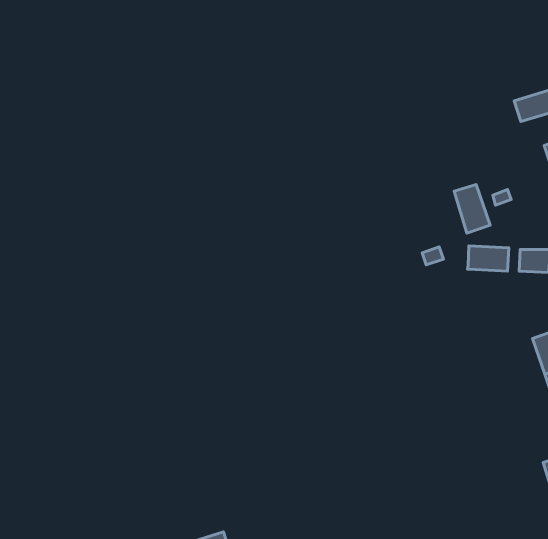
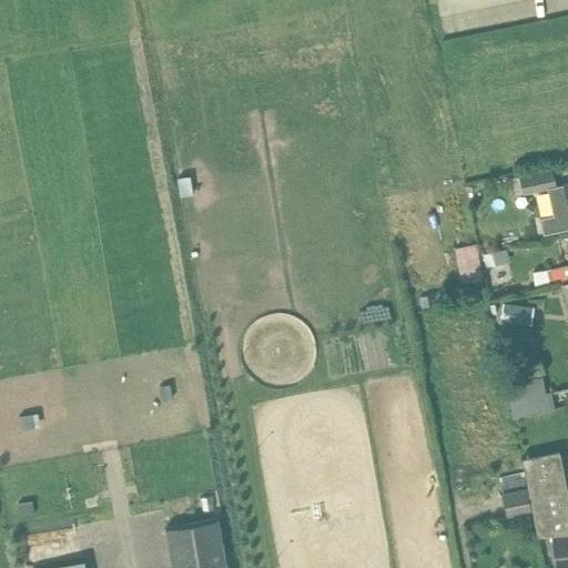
building: [467,246,509,271] -> none

